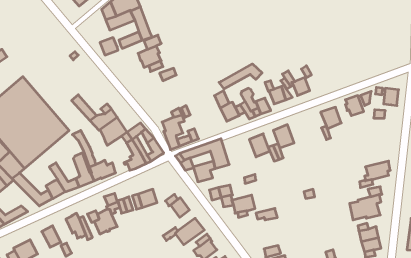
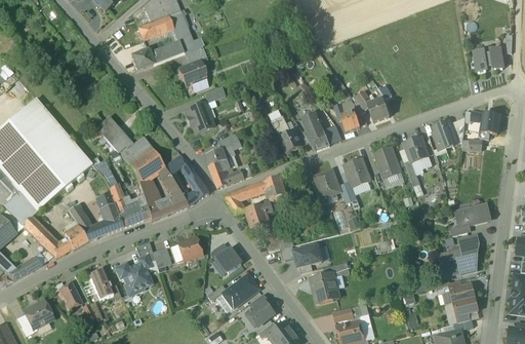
building: none -> [474,48,503,72]
building: [219,64,262,89] -> none
building: none -> [186,103,213,133]
building: none -> [374,146,401,178]
building: none -> [138,177,167,220]
building: none -> [311,272,339,302]

